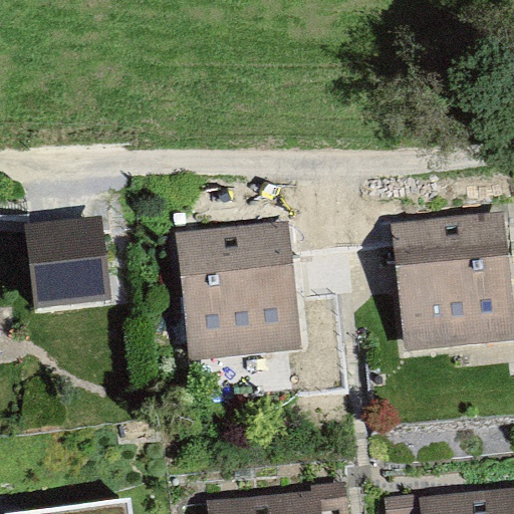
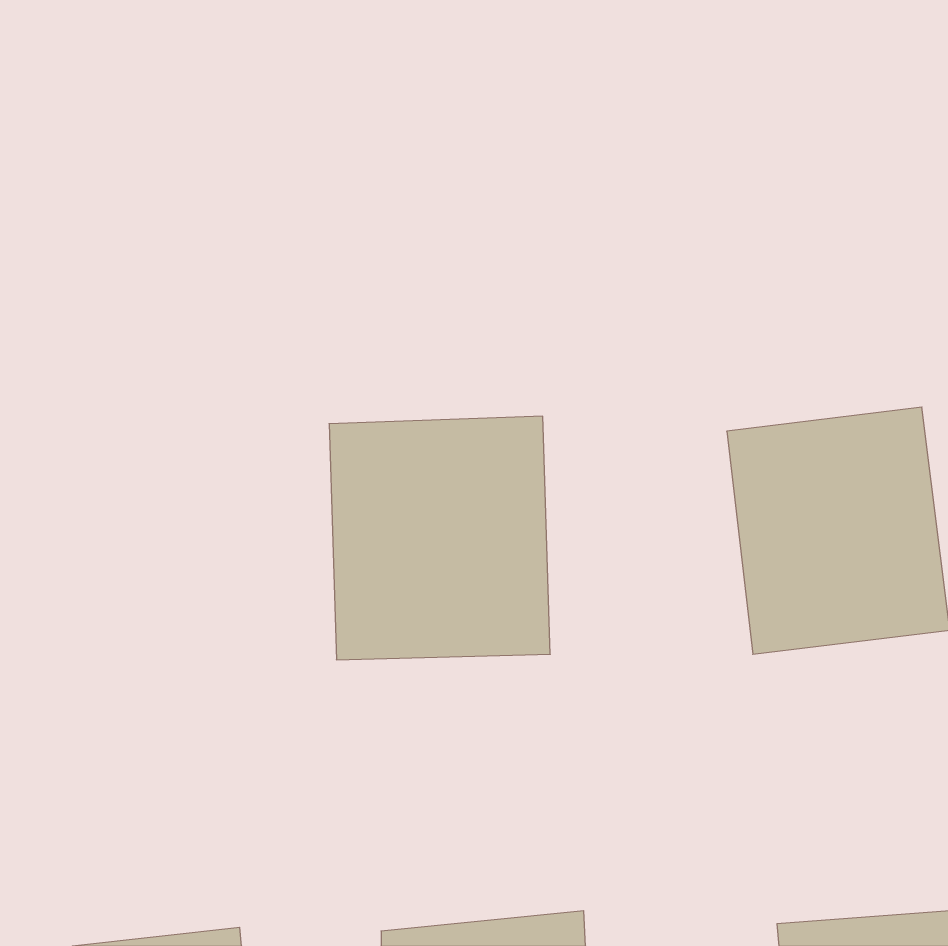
building: [24,213,113,306] -> none

